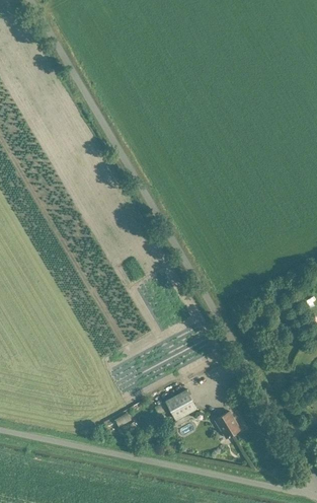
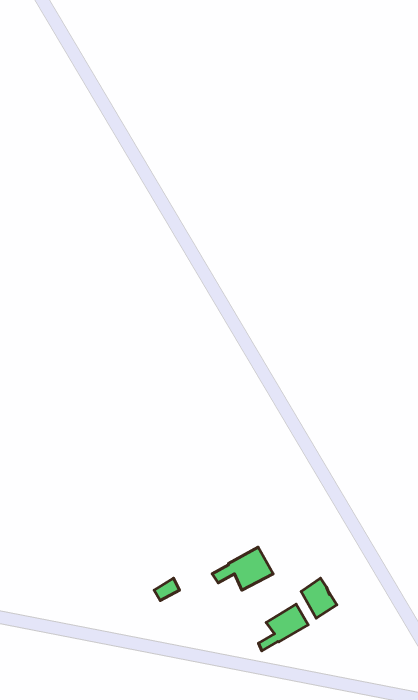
building: none -> [258,604,308,651]

